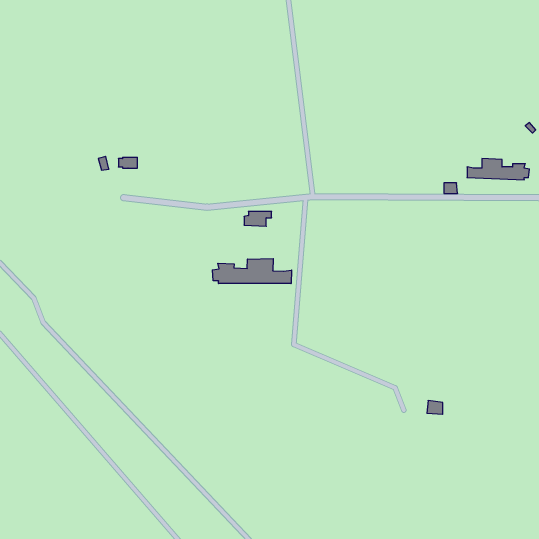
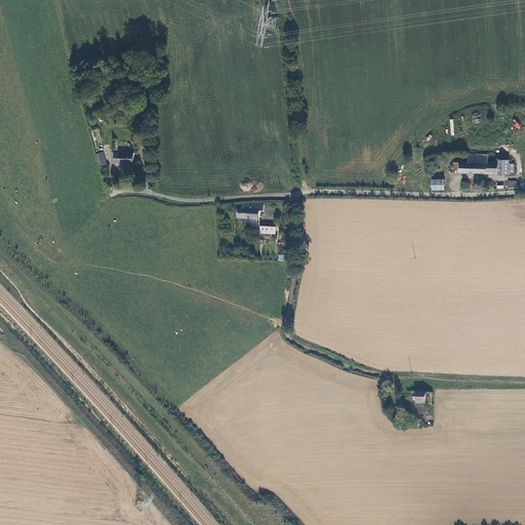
building: [212,259,292,284] -> none

